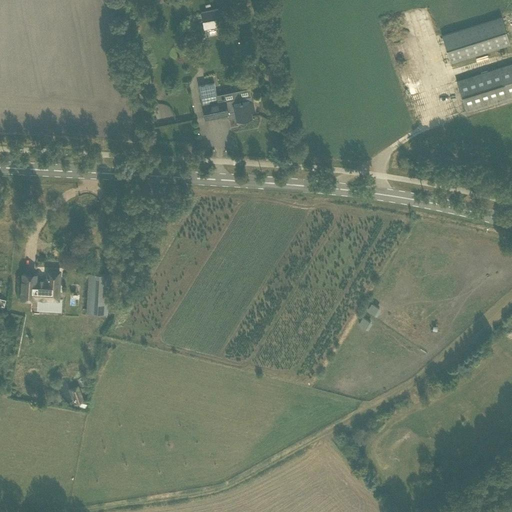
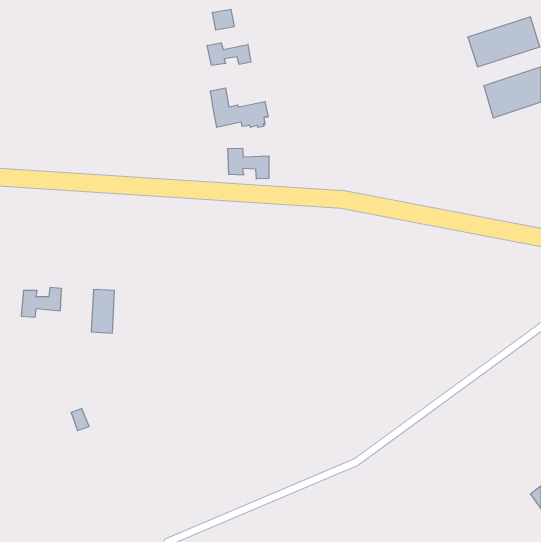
building: none -> [207,43,251,65]
building: none -> [228,148,269,179]

